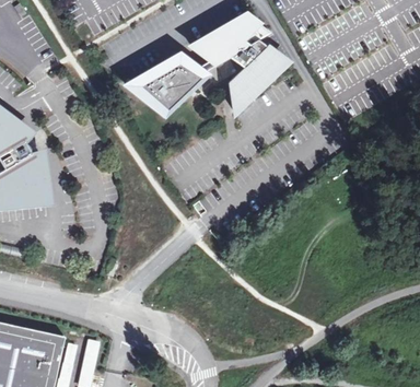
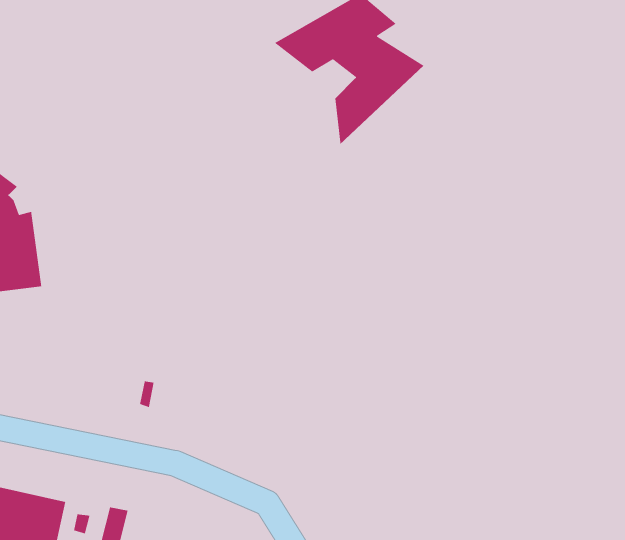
building: [121,51,207,116] -> none

